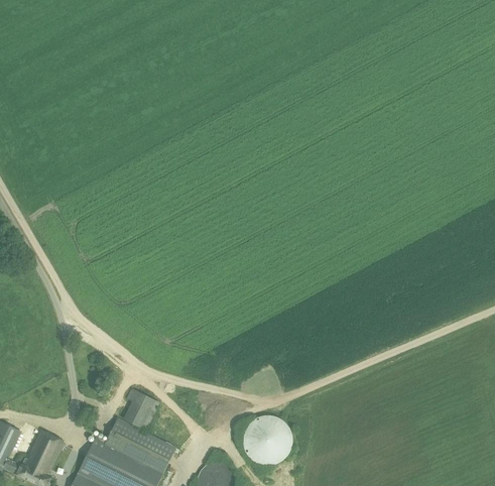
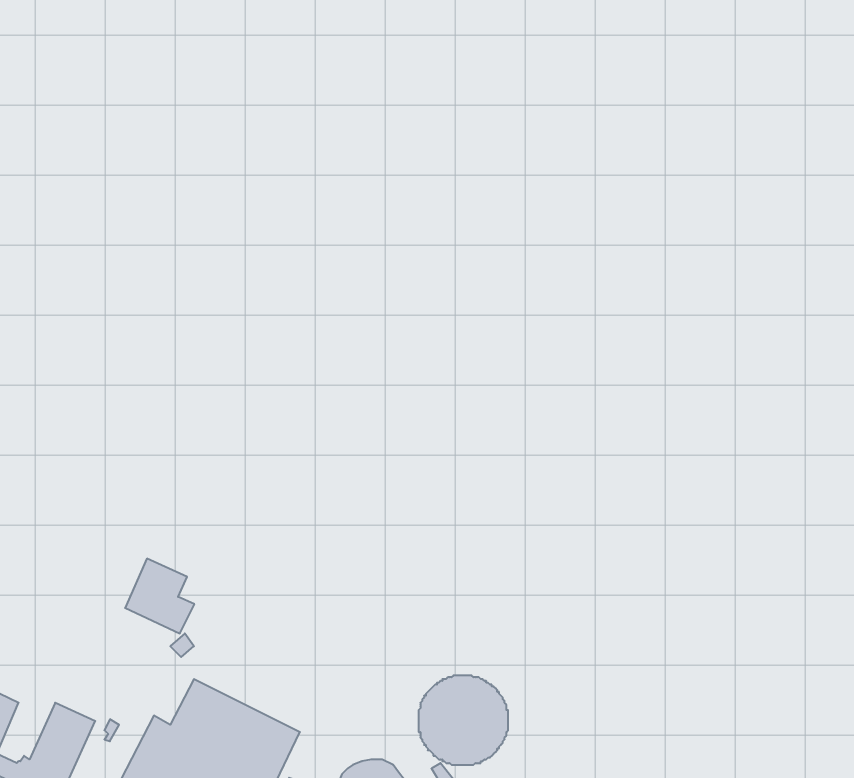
building: [126,390,164,432] -> [125,559,194,633]

